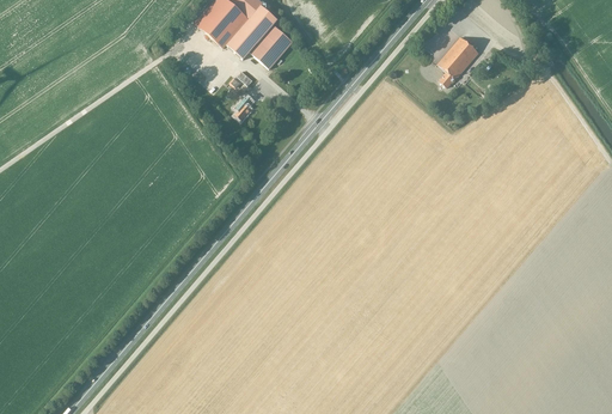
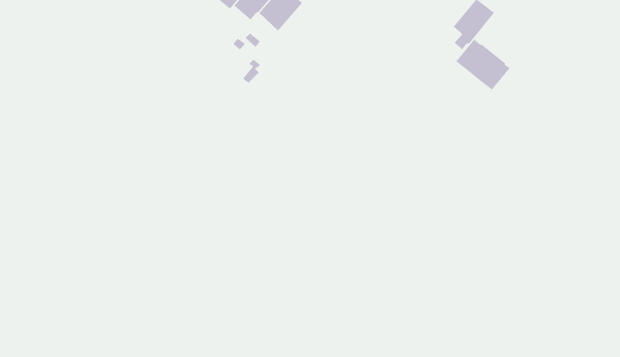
building: none -> [456,39,510,90]

